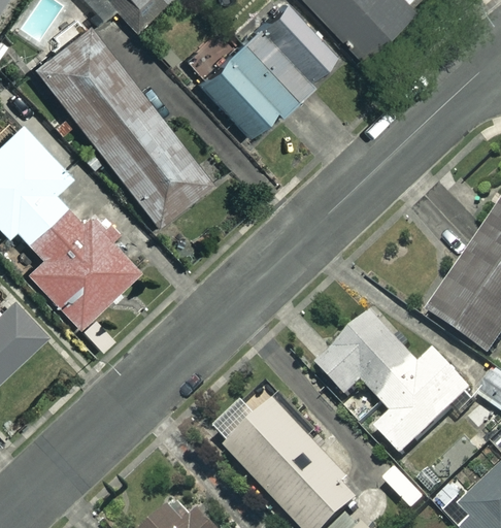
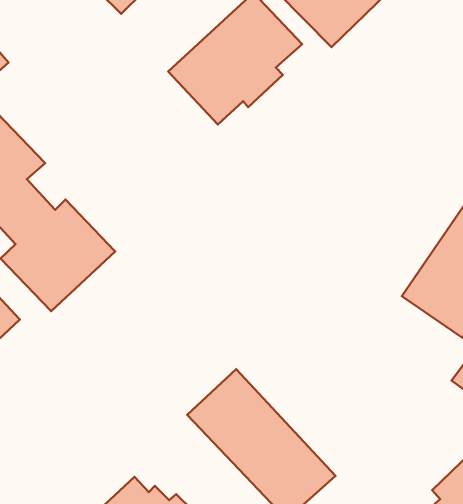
building: [31,26,216,224] -> none
building: [316,310,477,453] -> none

